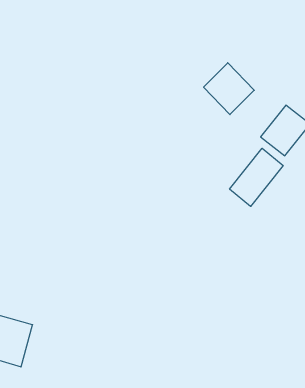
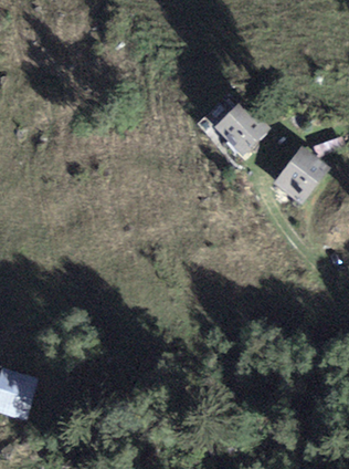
building: [230,148,283,206] -> none

